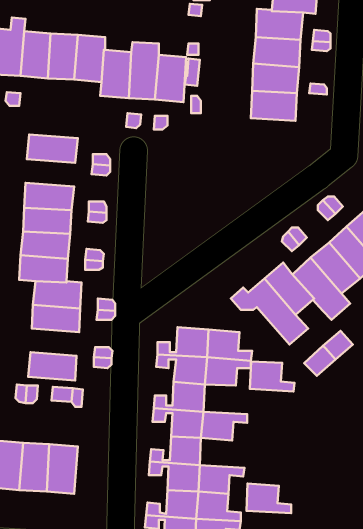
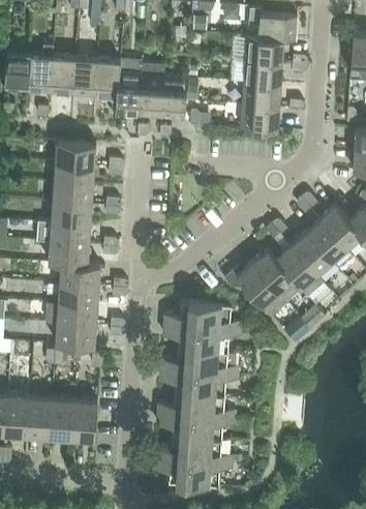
building: none -> [54,162,95,185]
building: none -> [45,302,98,326]
building: [250,362,295,391] -> [202,350,239,375]
building: [246,483,291,513] -> [199,394,236,419]

